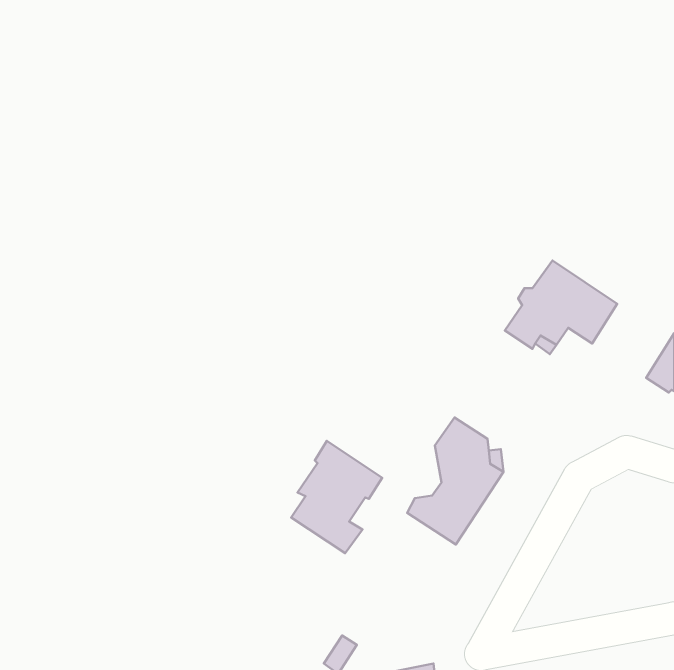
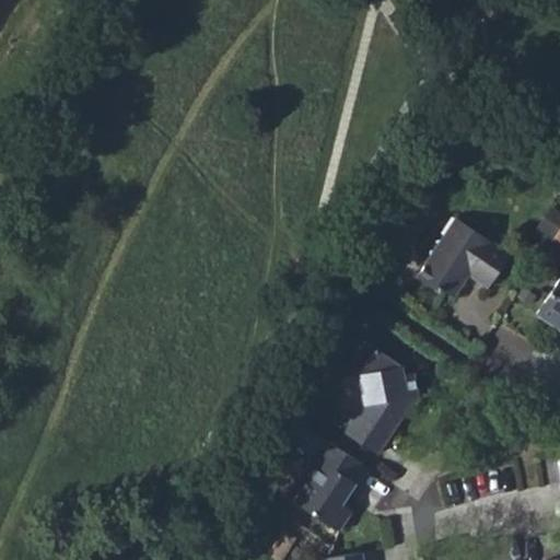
building: [291,441,382,553] -> [292,439,368,532]

